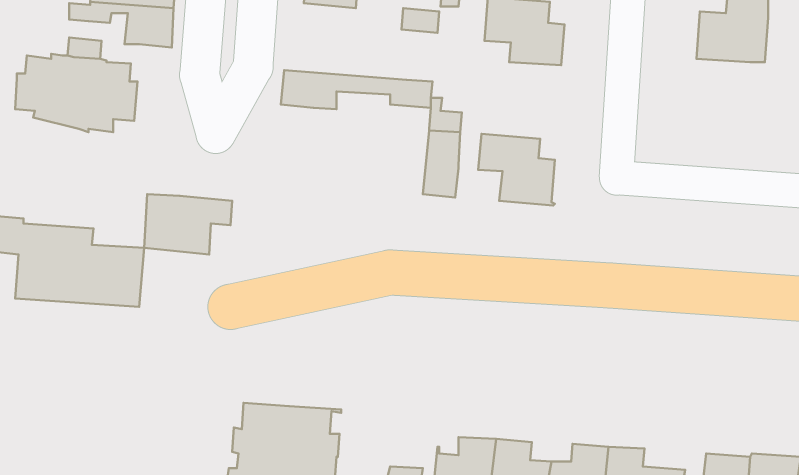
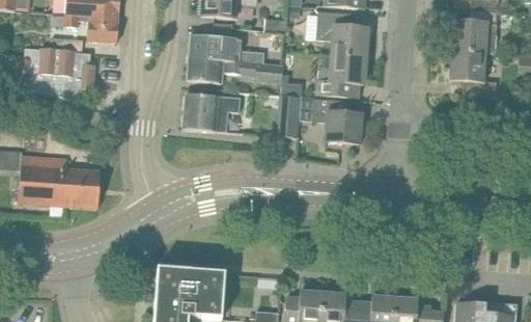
building: none -> [189,26,263,62]
building: none -> [449,50,497,95]
building: none -> [316,52,365,97]
building: [144,194,232,254] -> [184,93,240,132]

